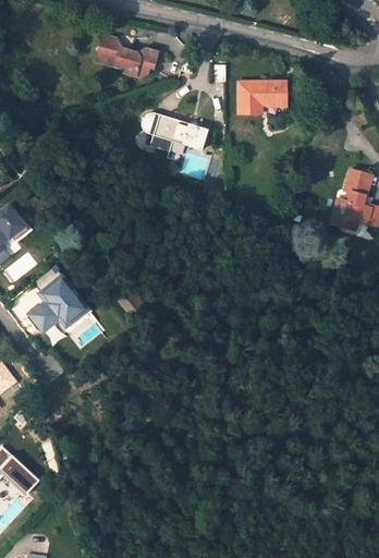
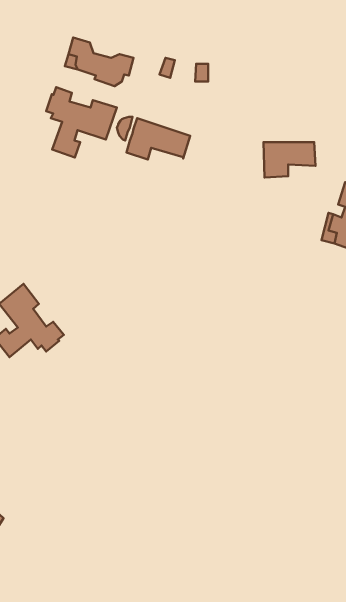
building: [240,81,288,113] -> [263,142,315,178]
building: none -> [46,87,117,157]

